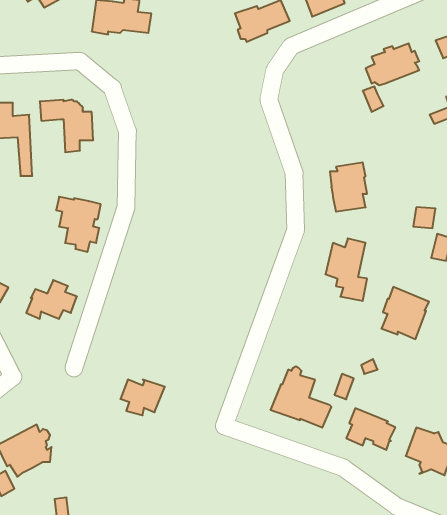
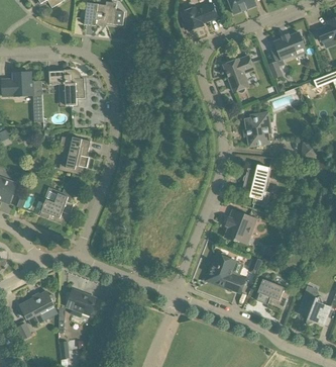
building: none -> [222,56,252,93]
building: [381,287,429,339] -> [223,208,255,244]
building: [120,380,165,415] -> [65,292,95,316]

